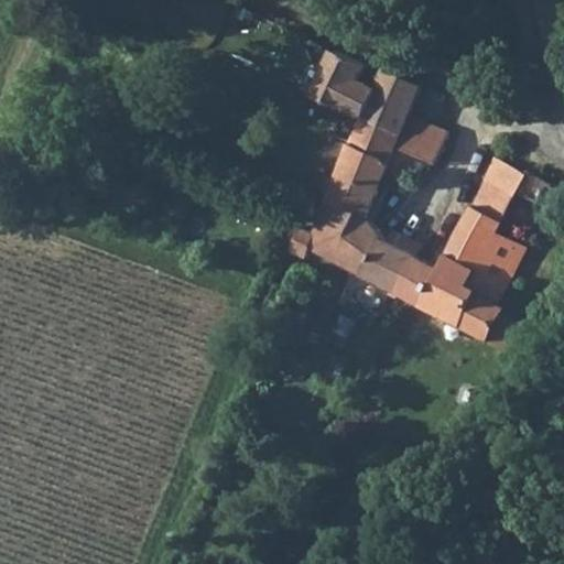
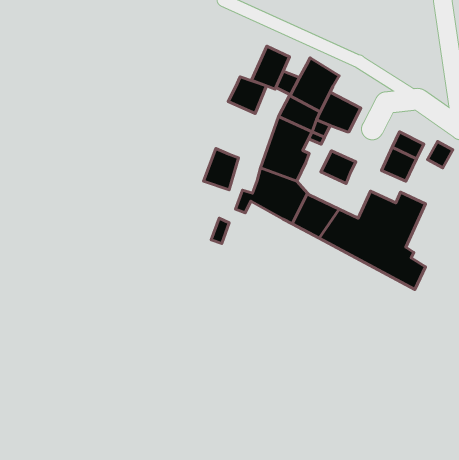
building: none -> [228,77,266,113]
building: none -> [203,148,239,190]
building: [455,209,498,249] -> [321,151,356,183]

